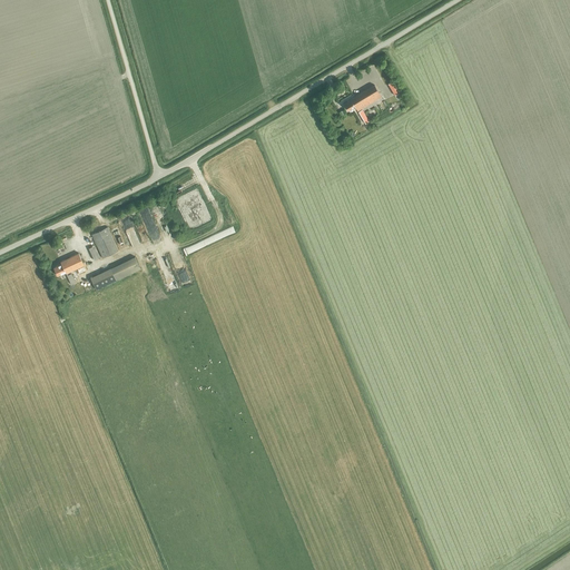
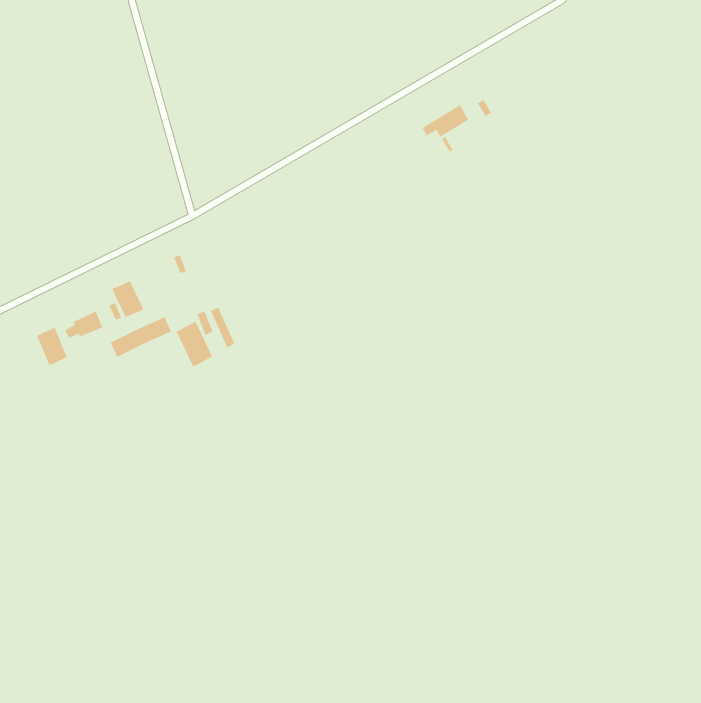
building: none -> [176,321,213,368]
building: none -> [36,327,68,366]

